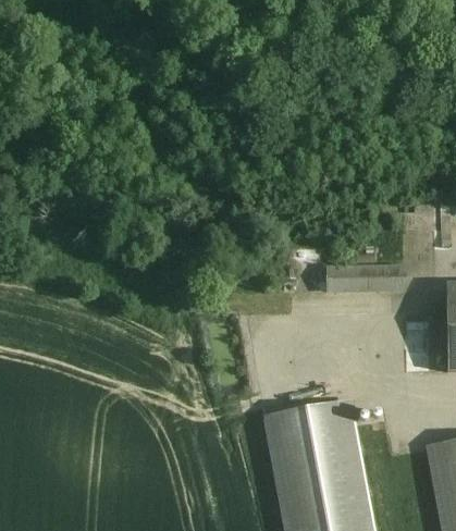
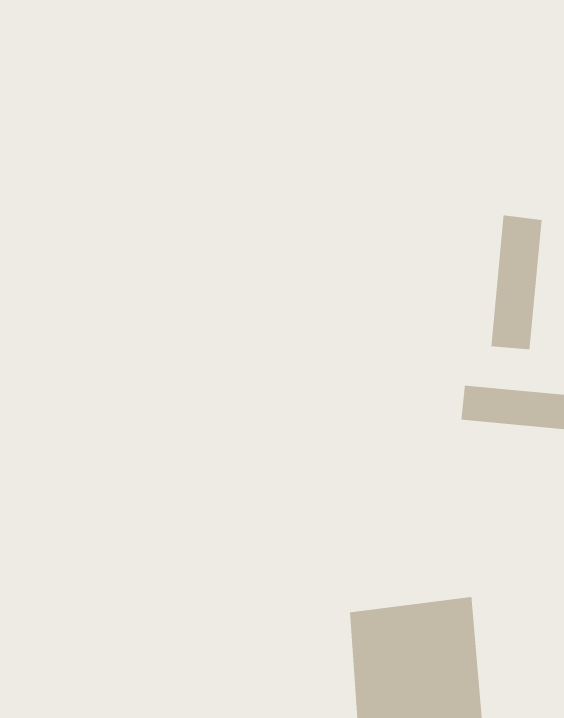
building: none -> [490,214,542,350]

